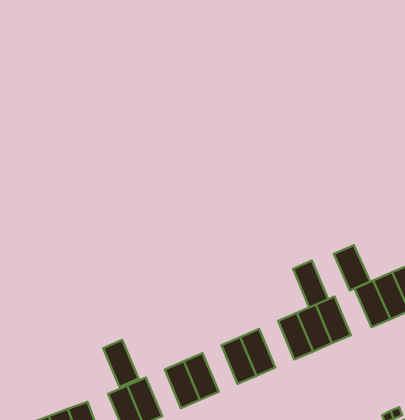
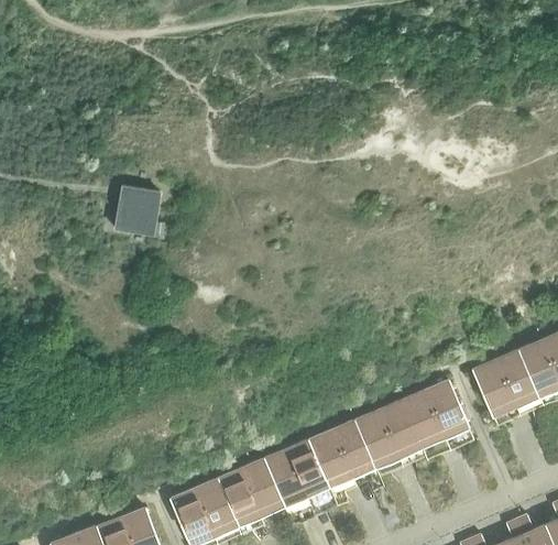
building: none -> [114,187,160,236]
building: [334,245,370,290] -> none
building: [293,261,328,307] -> [355,410,398,467]
building: [103,340,138,387] -> [217,469,260,526]
building: none -> [286,439,329,497]

